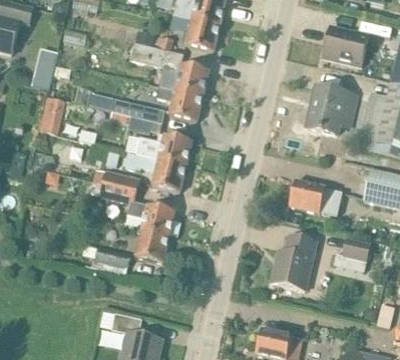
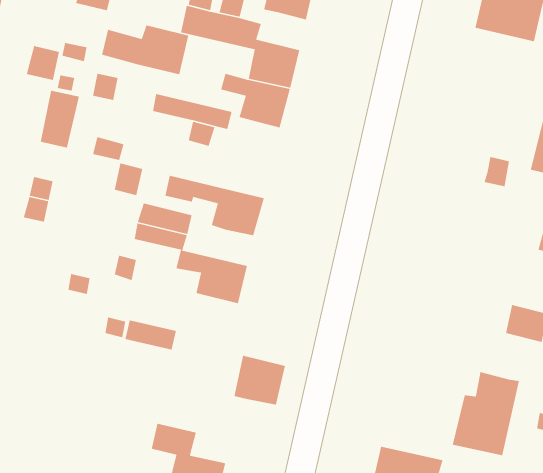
building: [307,86,356,133] -> none
building: [134,133,191,166] -> [101,24,189,75]
building: [288,179,343,218] -> none
building: [134,229,168,262] -> [233,355,286,406]
building: [271,235,315,290] -> [452,371,520,456]

